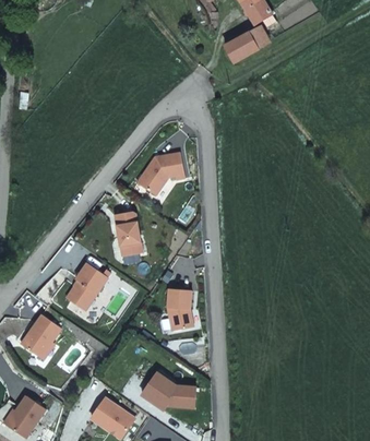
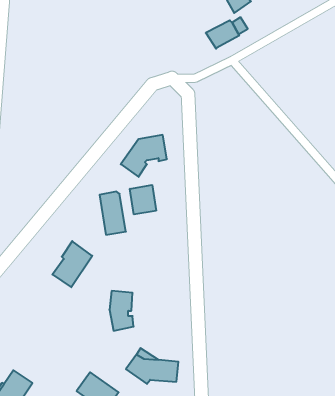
building: none -> [130,185,156,214]
building: [167,288,192,330] -> [109,291,134,331]
building: [22,314,61,358] -> none

